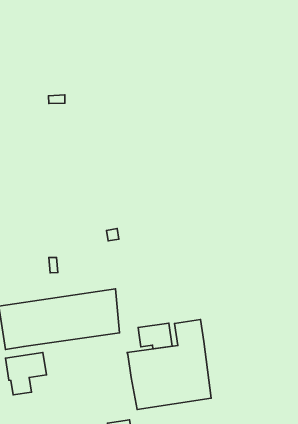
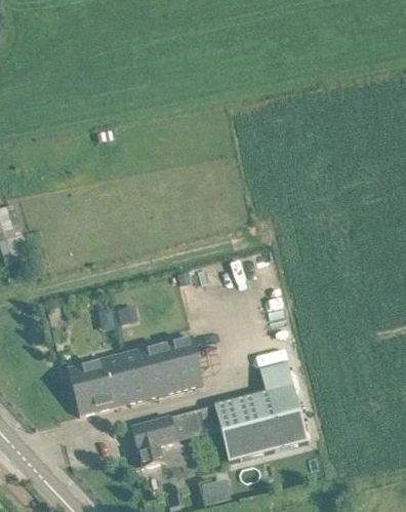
building: [138,323,172,349] -> [180,405,219,435]
building: [6,353,46,395] -> [131,417,177,466]

